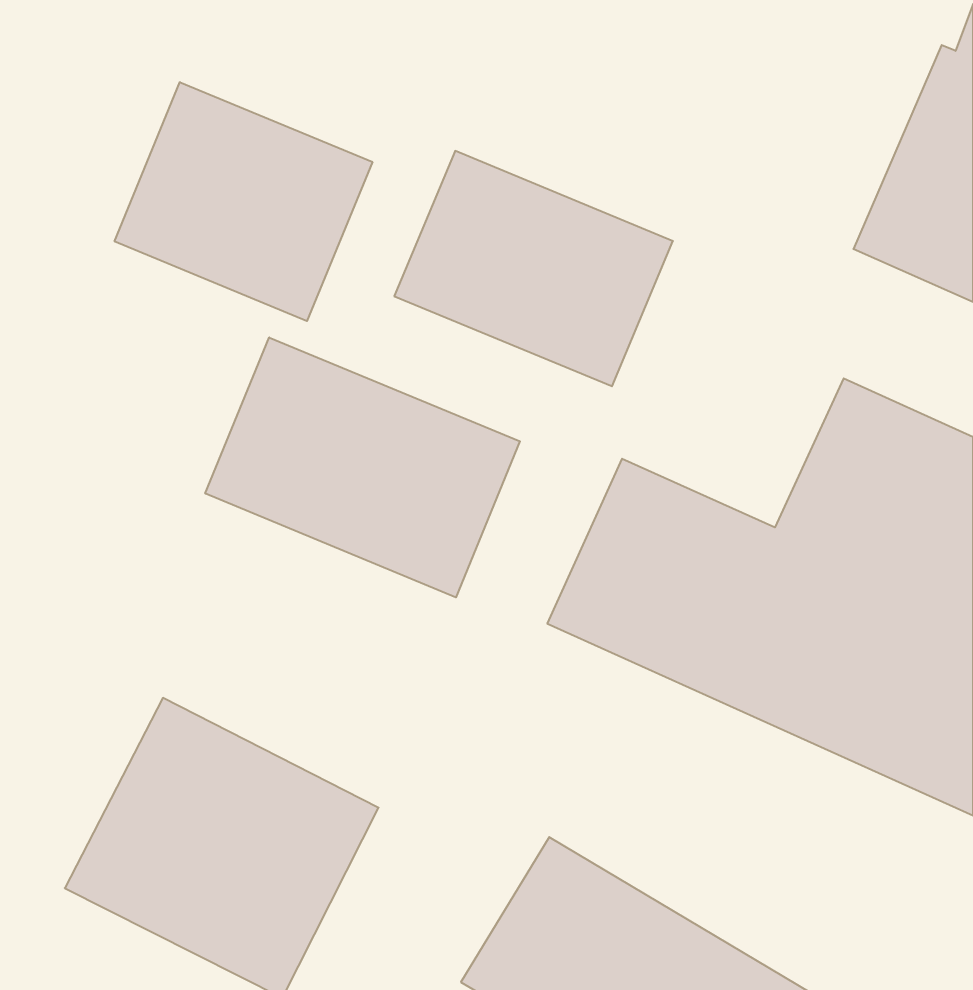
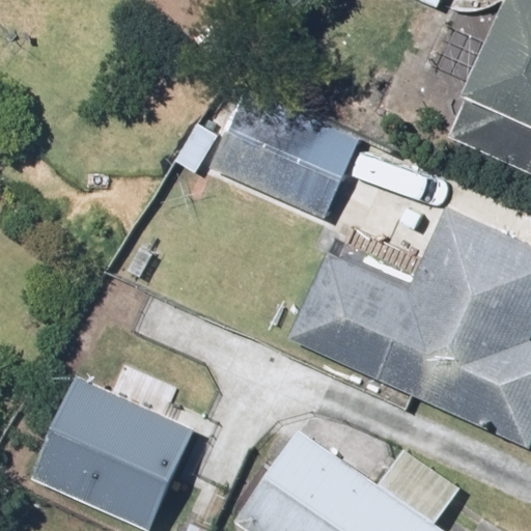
building: [115,82,372,321] -> none
building: [205,337,520,597] -> none

